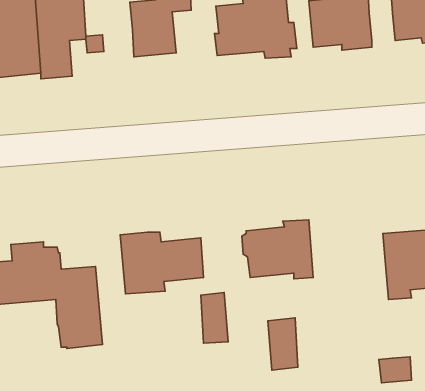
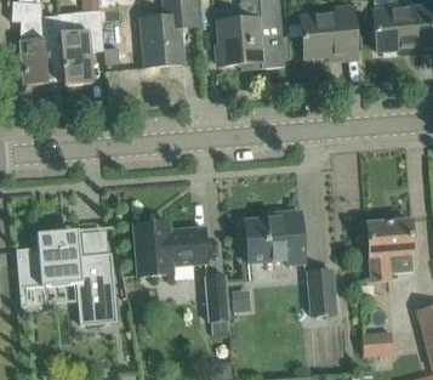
building: [268,318,298,370] -> [308,268,335,314]

